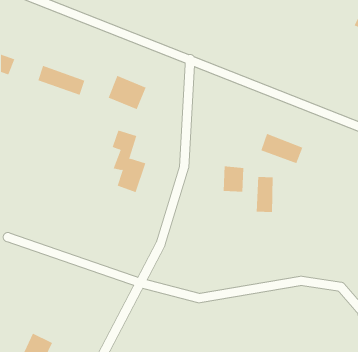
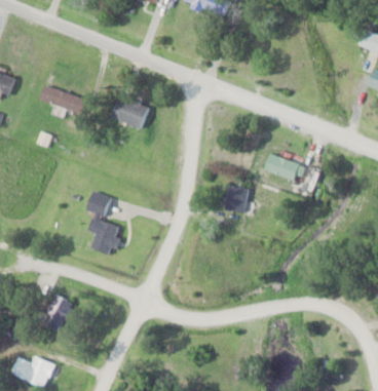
building: [112,130,146,193] -> [86,192,121,256]
building: [256,176,273,213] -> none
building: none -> [40,294,75,331]

